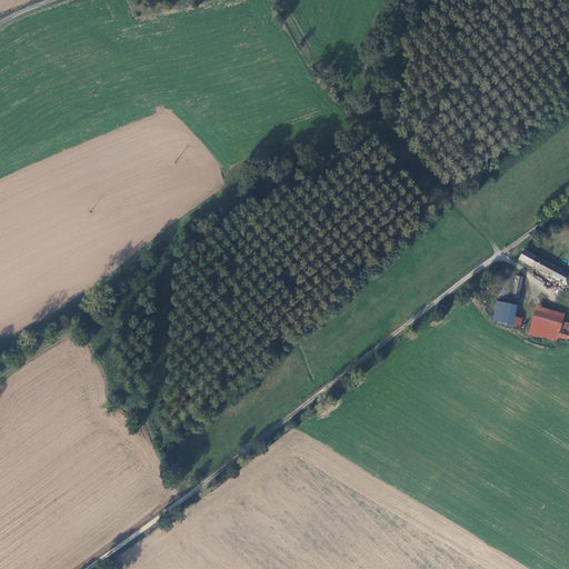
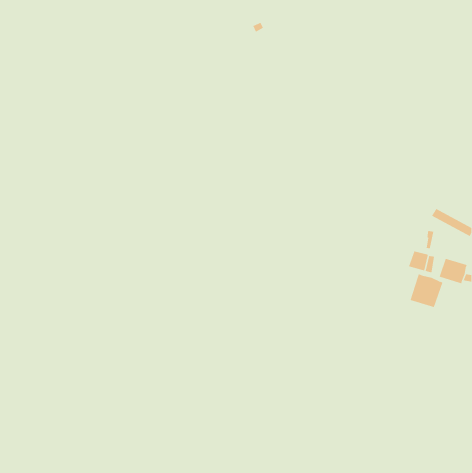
building: none -> [410,273,443,308]

